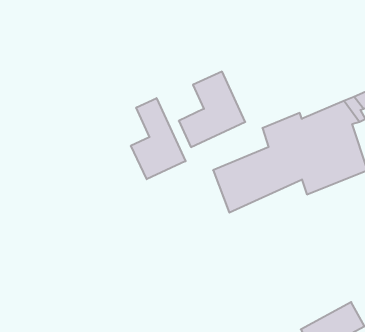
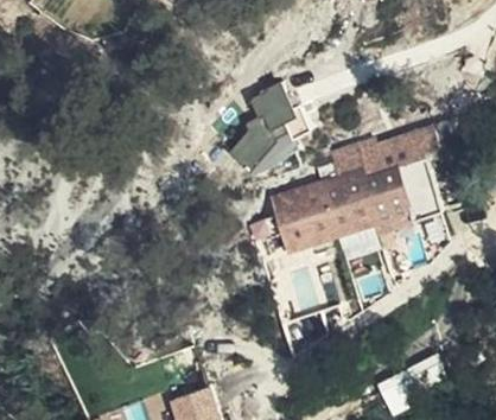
building: [131,98,186,179] -> none

